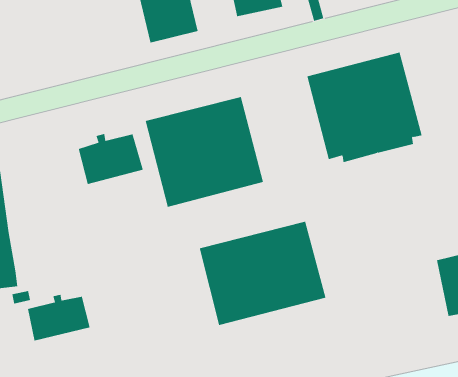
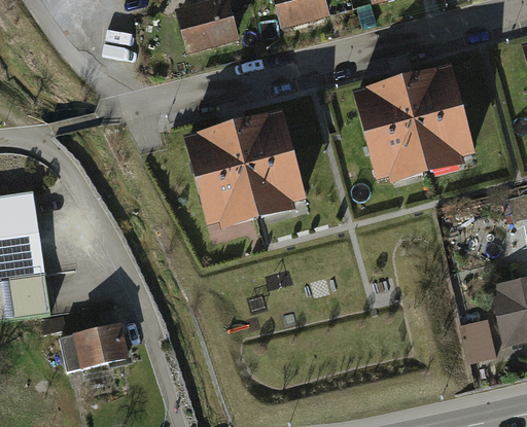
building: [78,133,143,185] -> none
building: [199,221,326,326] -> none
building: none -> [460,318,497,363]

